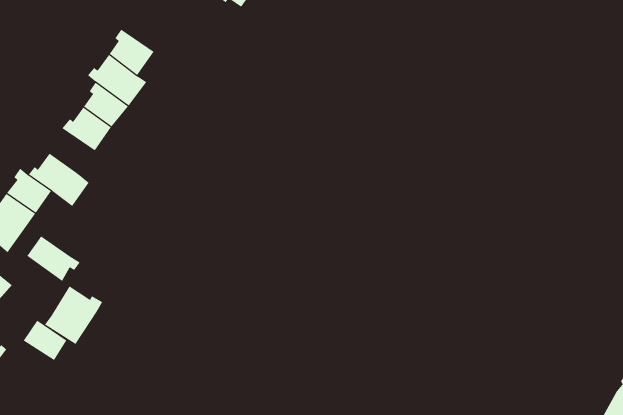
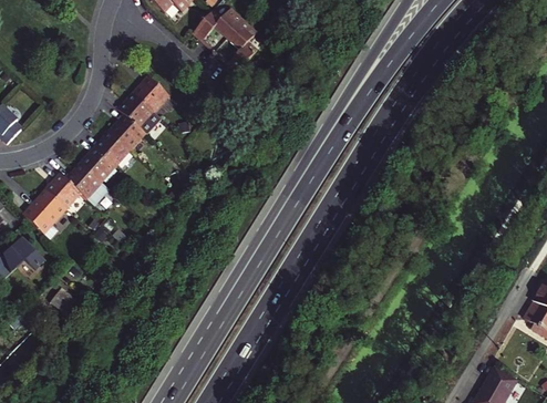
building: none -> [83,143,117,178]
building: [26,235,80,282] -> none
building: [44,286,103,345] -> none

